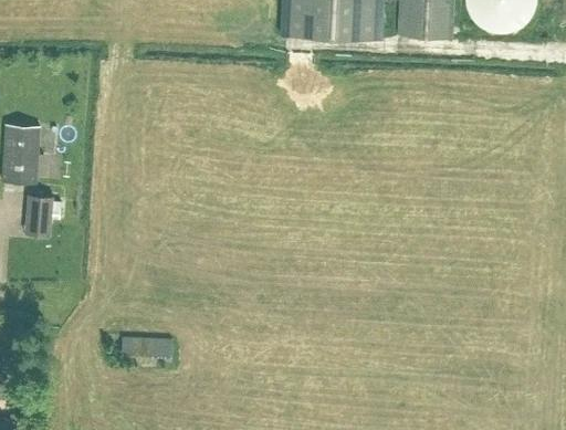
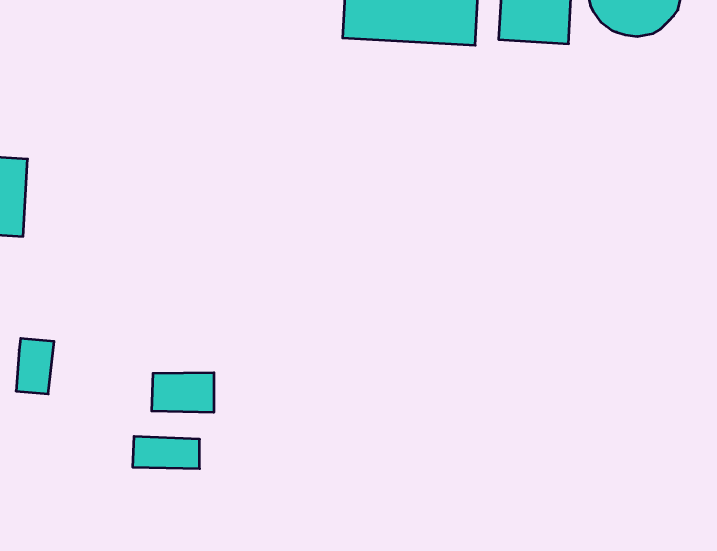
building: [25,192,54,234] -> [16,338,54,394]
building: none -> [152,373,214,412]

